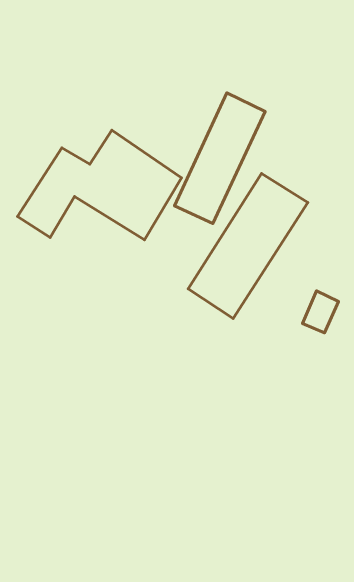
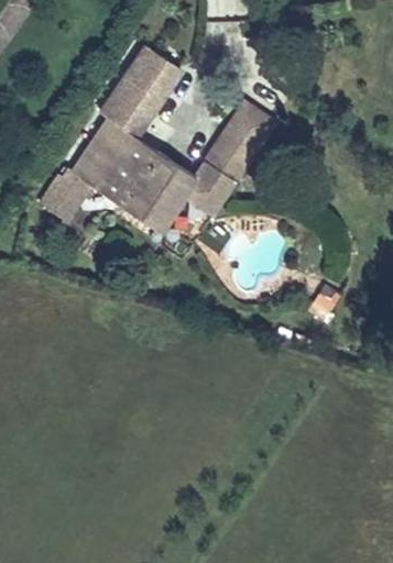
building: none -> [81,48,174,164]
building: [188,174,308,318] -> none

